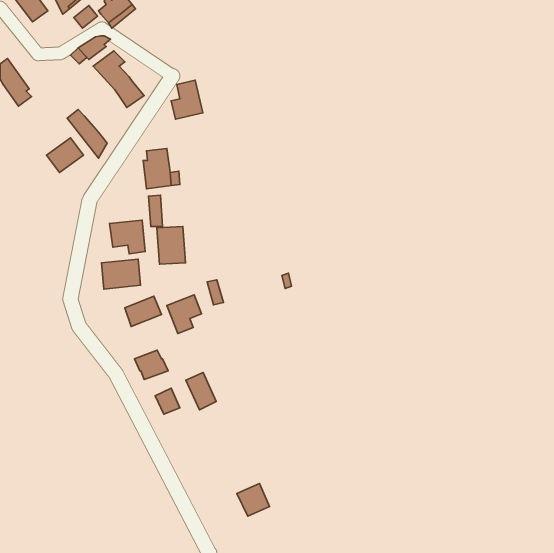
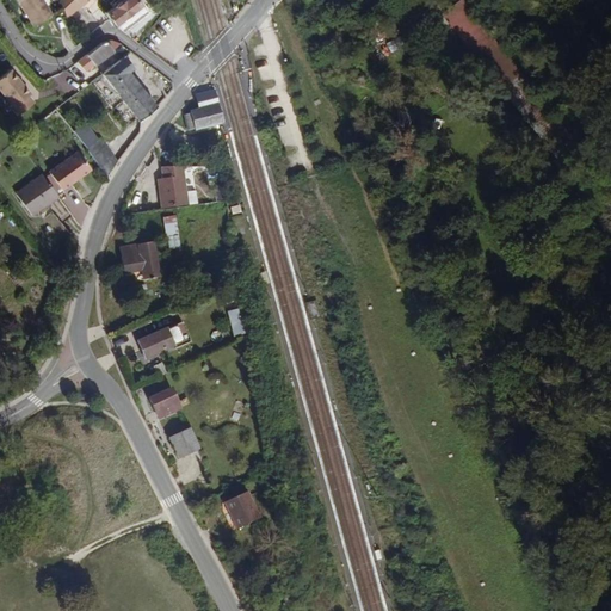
building: none -> [17,173,60,215]
building: [157,226,185,264] -> none
building: [101,259,140,289] -> none
building: [167,295,202,333] -> none
building: [186,372,216,410] -> none
building: [237,484,269,516] -> [224,490,260,526]

